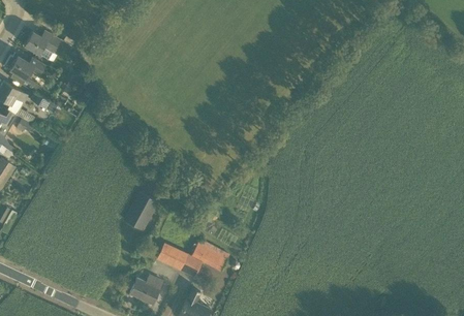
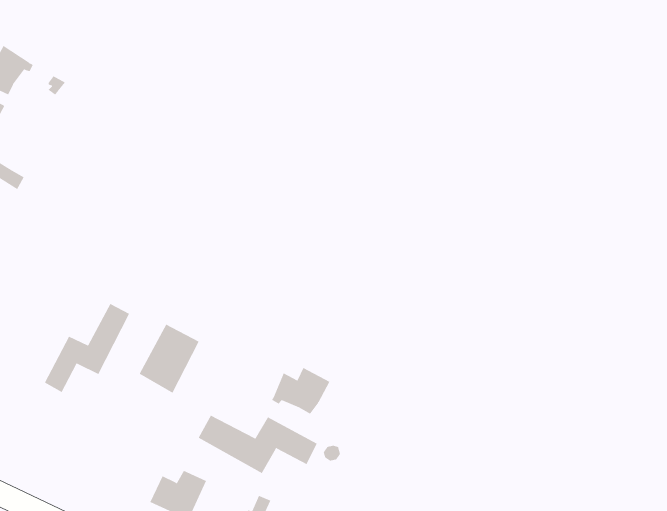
building: none -> [44,303,130,393]
building: none -> [271,367,330,415]

